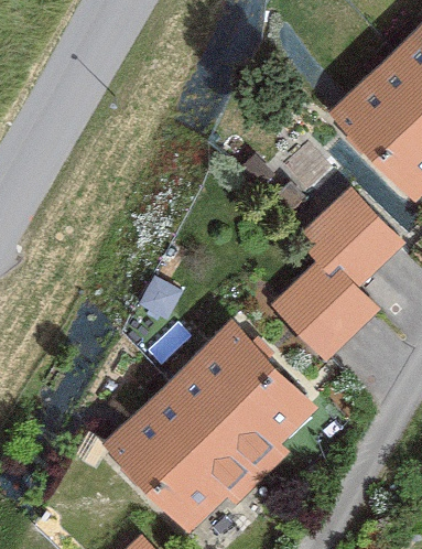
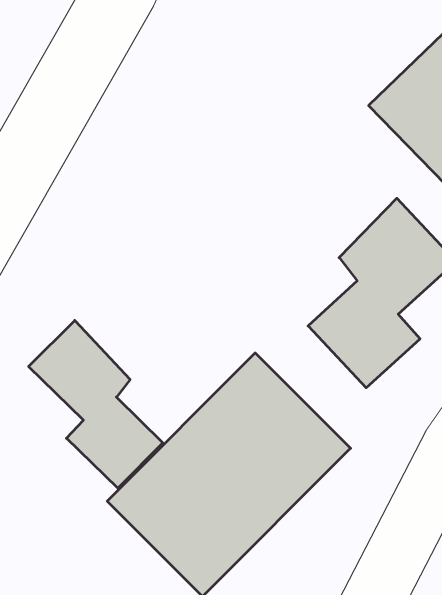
building: none -> [29,320,163,488]

